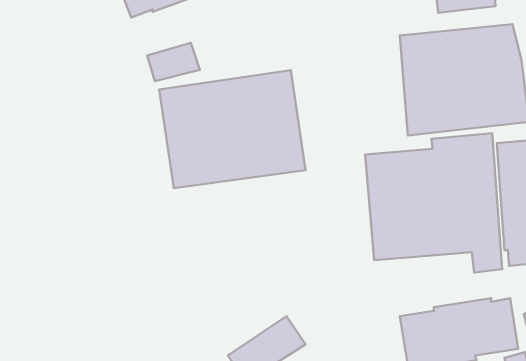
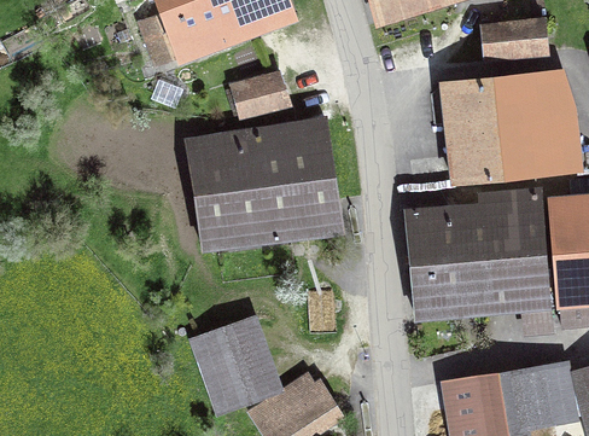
building: [147,43,200,81] -> [232,71,288,112]
building: none -> [194,318,276,406]

